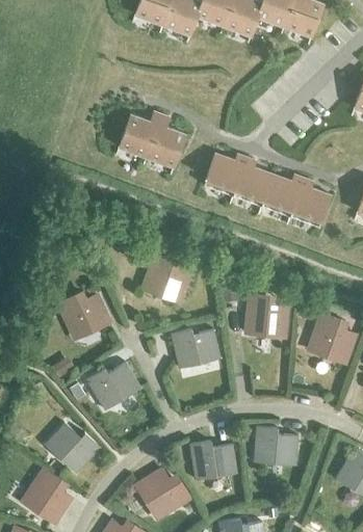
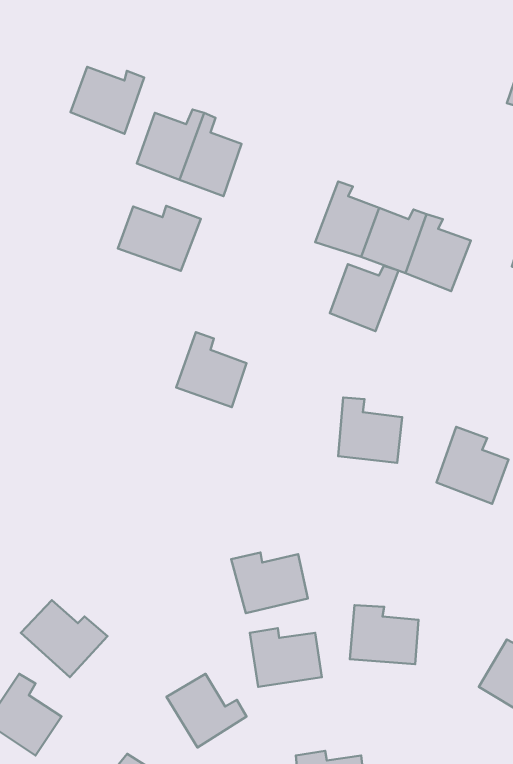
building: none -> [71,67,144,134]
building: [203,153,247,195] -> [330,264,399,331]
building: none -> [118,206,201,271]
building: [58,294,109,337] -> none
building: [171,328,219,367] -> [231,553,308,613]
building: [86,362,140,408] -> none

